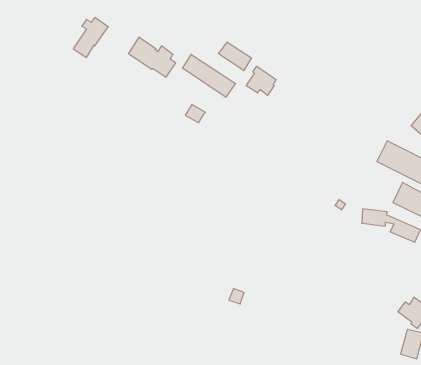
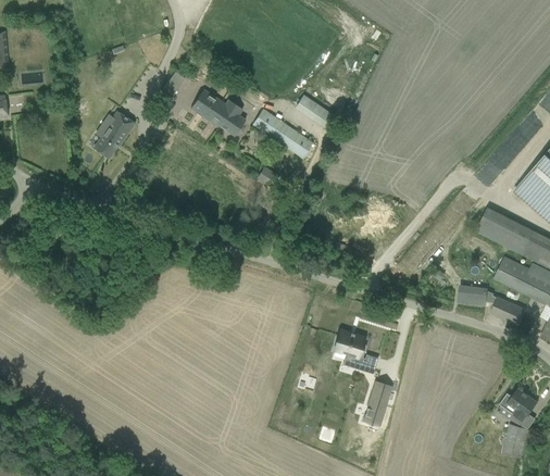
building: [73,18,108,57] -> [93,112,134,158]
building: [246,66,276,96] -> none
building: none -> [335,331,366,363]
building: none -> [363,381,390,425]

